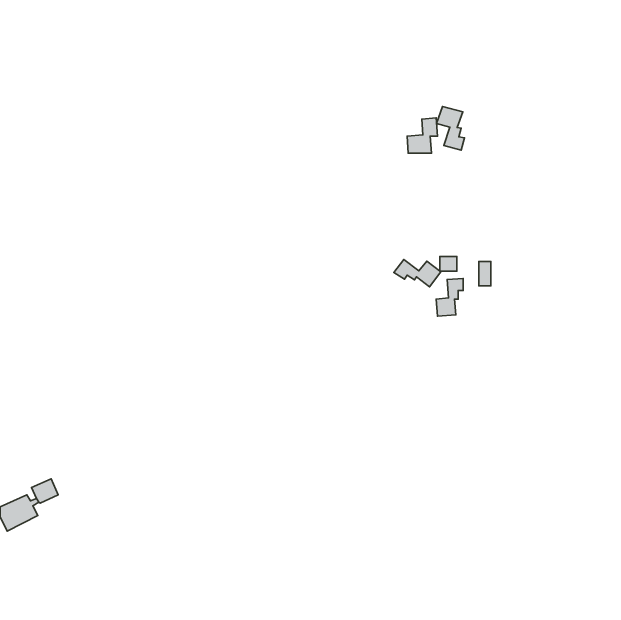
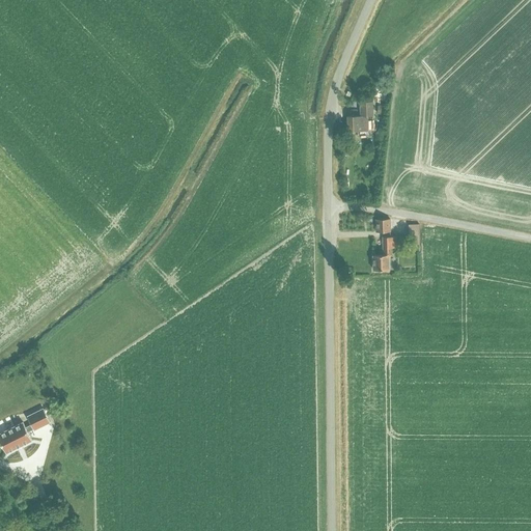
building: [437,106,464,150] -> none
building: [394,259,441,287] -> none

